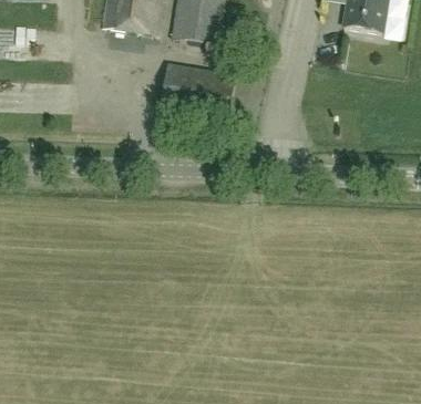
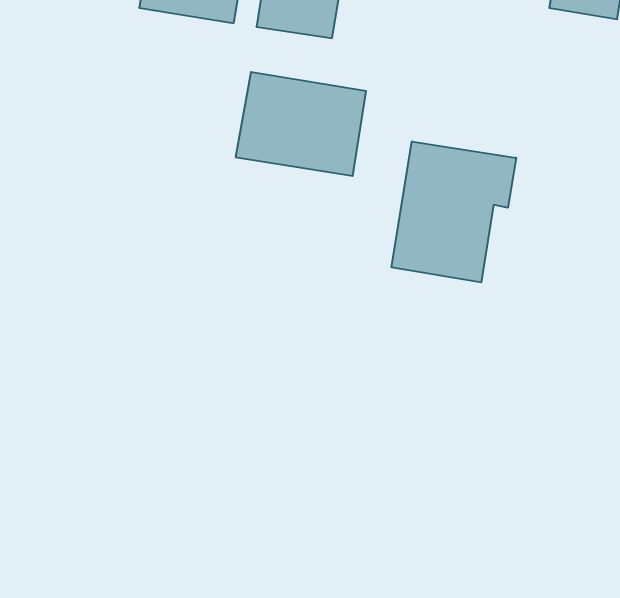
building: none -> [392,141,516,282]

